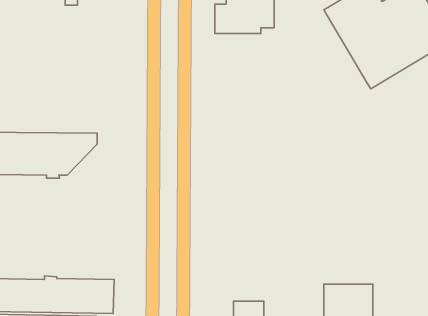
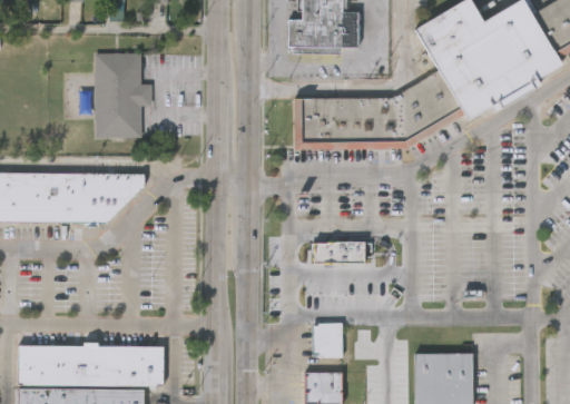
building: none -> [94,51,150,135]
building: none -> [295,70,465,148]
building: none -> [314,242,365,264]
building: none -> [315,322,344,357]

